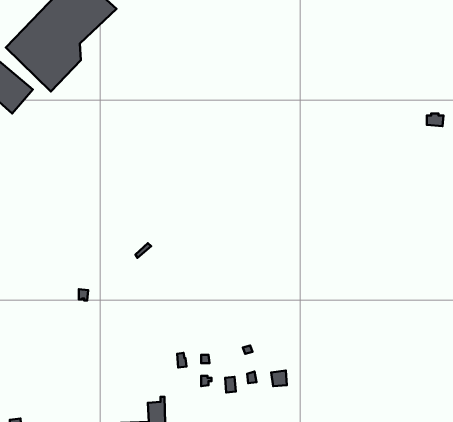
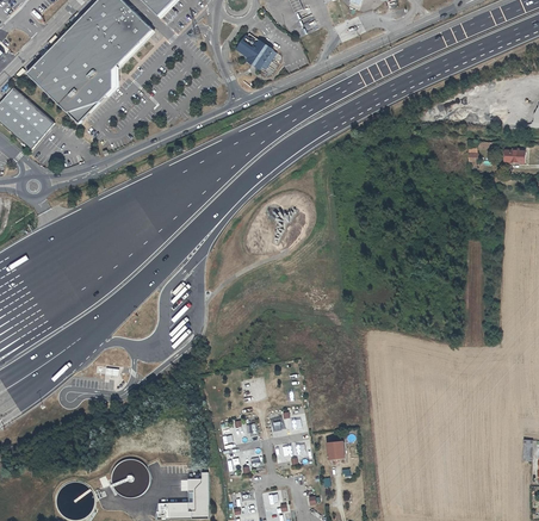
building: none -> [236,31,274,67]

